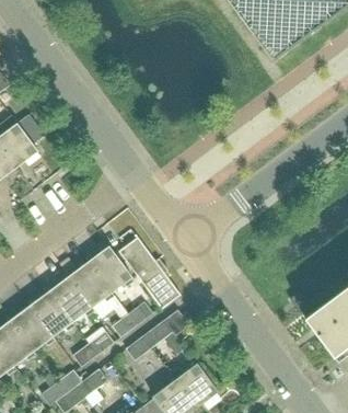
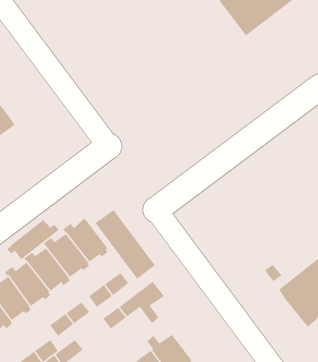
building: none -> [7,219,60,260]

